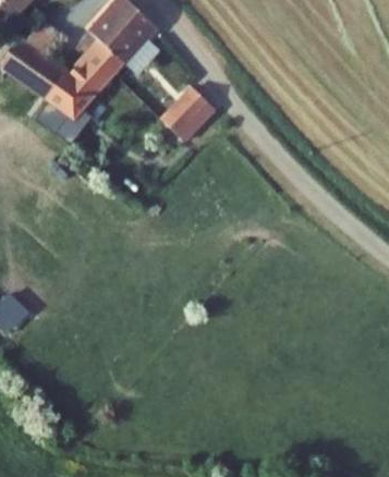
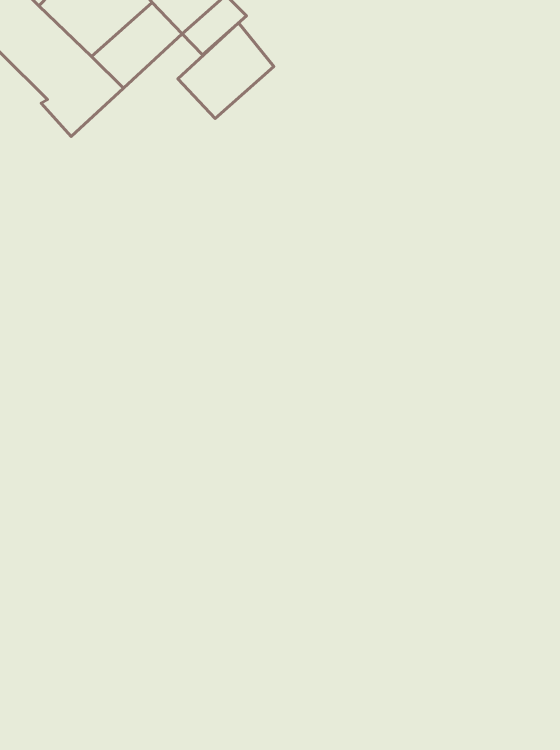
building: [162,85,215,138] -> [178,23,274,119]

